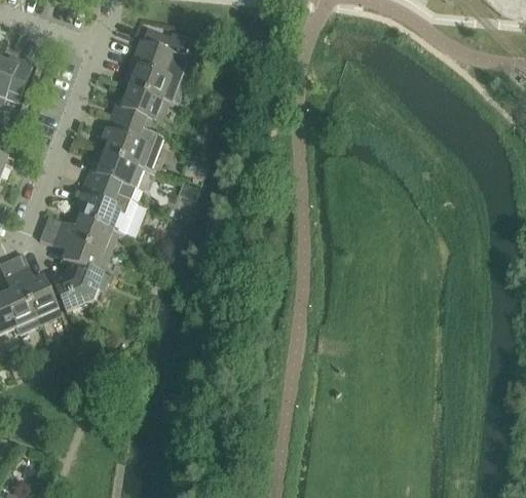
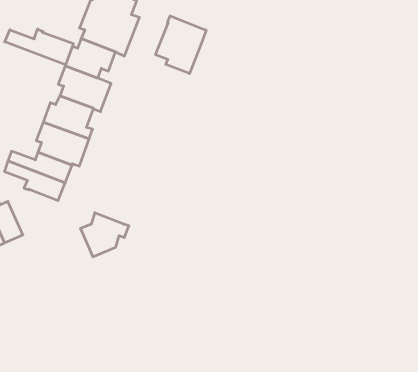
building: none -> [156,16,206,74]
building: none -> [5,29,73,65]
building: [51,260,108,311] -> [80,213,129,257]

